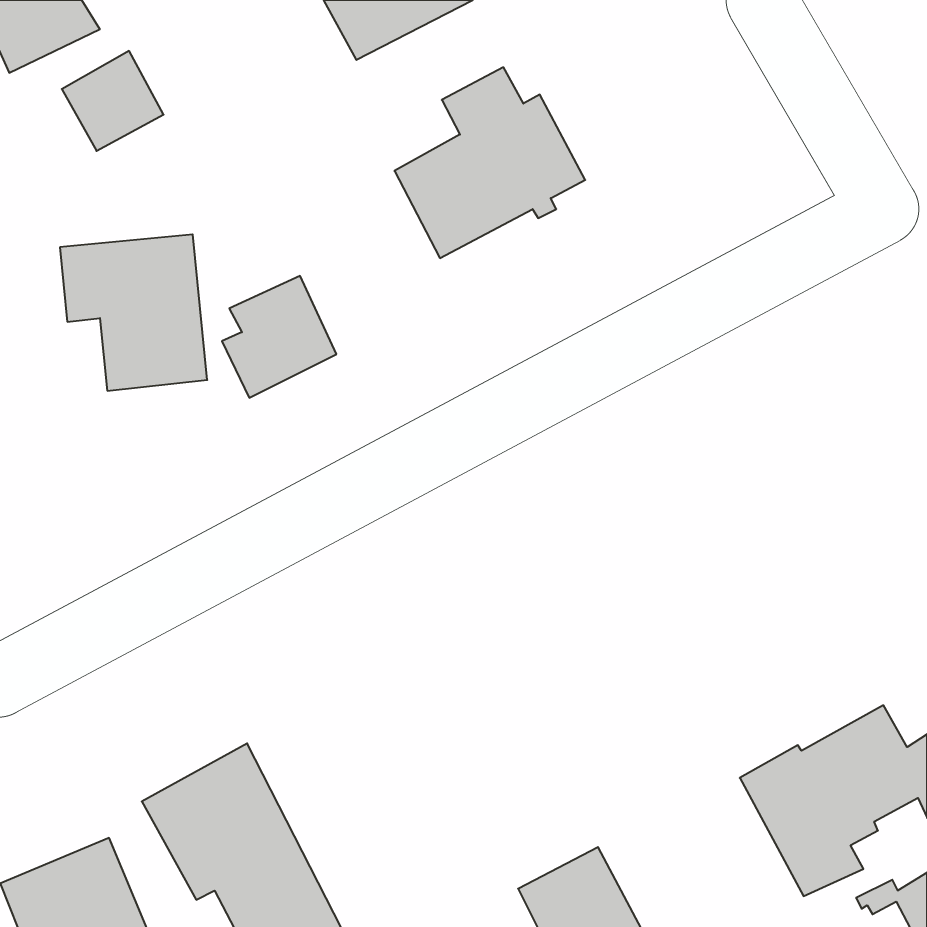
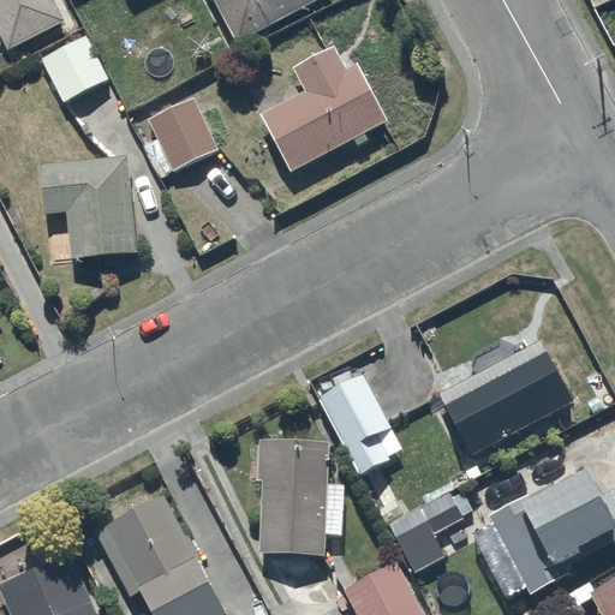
building: [222,276,336,398] -> [142,97,217,178]
building: none -> [440,340,573,454]
building: none -> [310,356,413,473]
building: none -> [258,440,344,554]
building: none -> [375,492,465,572]

